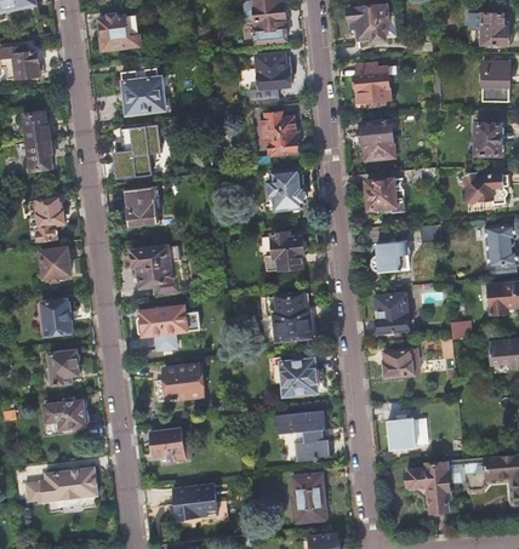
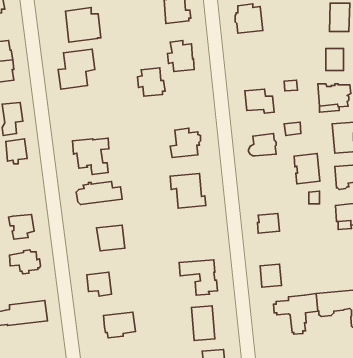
building: [359,120,394,160] -> none
building: [267,171,304,210] -> [138,68,165,96]
building: [124,187,158,227] -> none
building: [373,292,409,333] -> [294,154,320,184]
building: [40,299,70,336] -> none
building: [268,359,318,396] -> none

